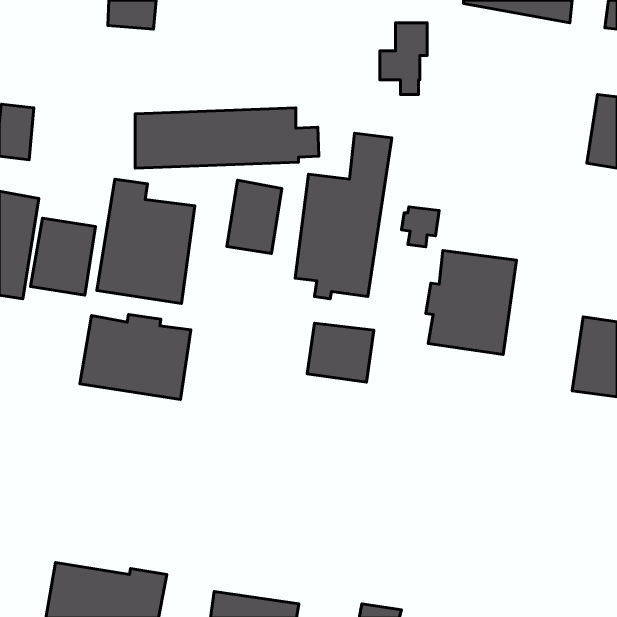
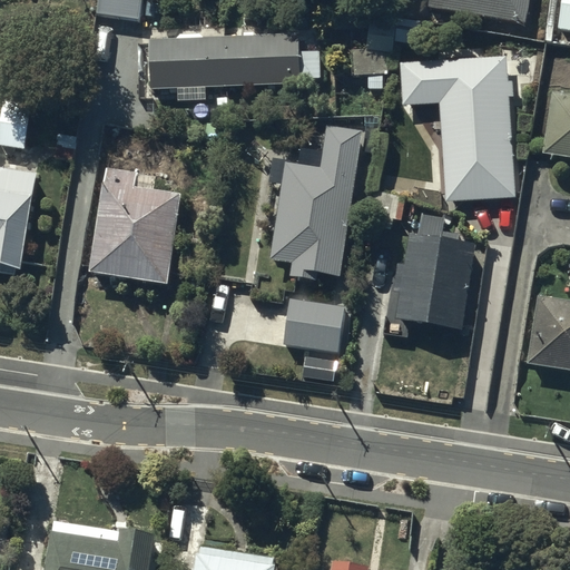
building: none -> [400,56,514,200]
building: [135,108,319,168] -> [149,32,318,88]
building: [227,180,282,254] -> none
building: [30,218,96,295] -> none
building: [80,314,191,400] -> none

